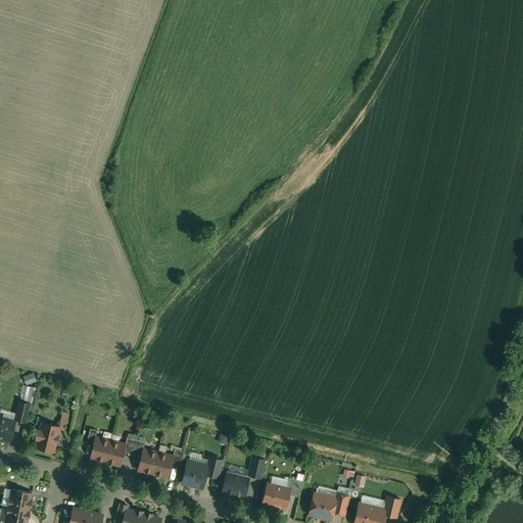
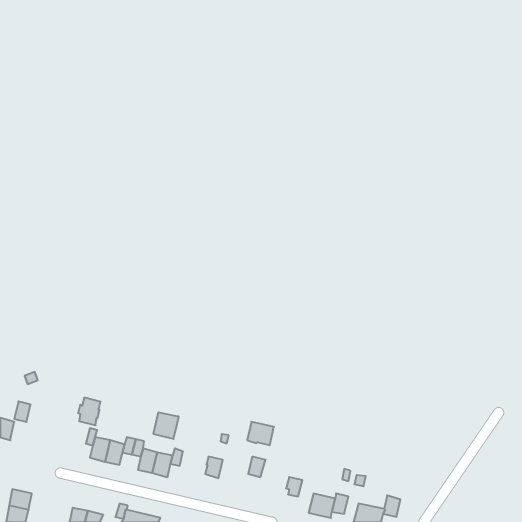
building: [36,423,58,450] -> [78,398,101,425]
building: [182,461,207,487] -> [153,412,179,439]
building: [222,473,248,496] -> [247,422,274,445]
building: [264,483,289,508] -> none

